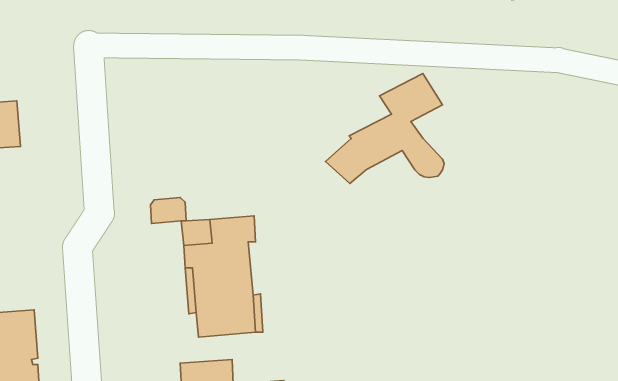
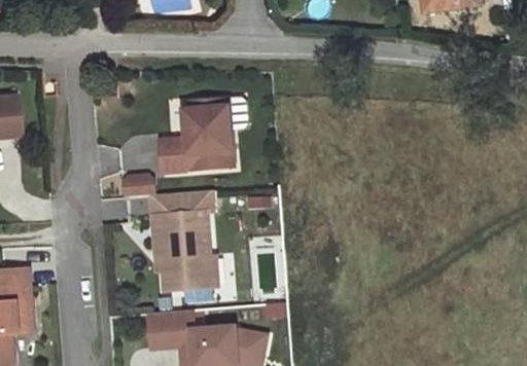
building: [325,74,444,184] -> none
building: none -> [161,99,235,173]

